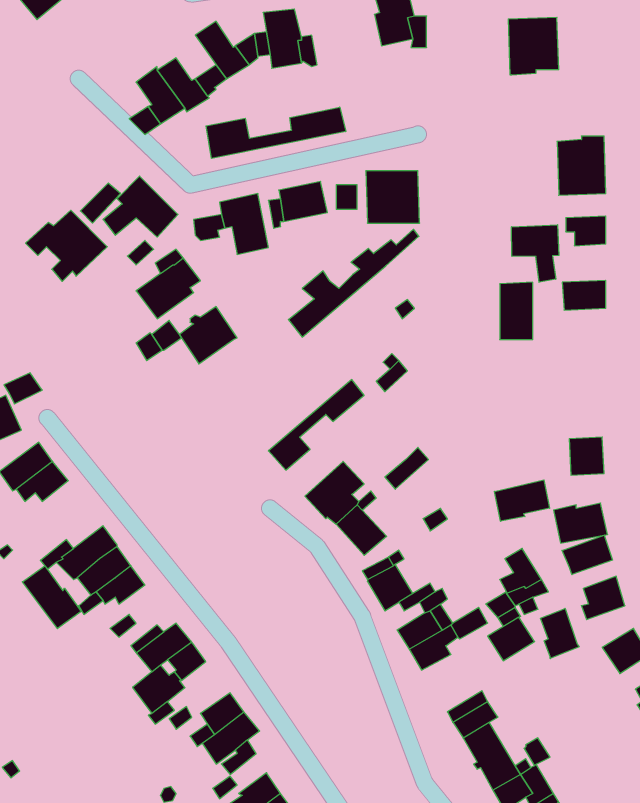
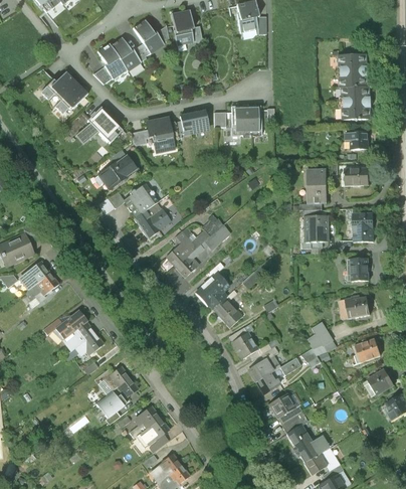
building: [508,17,559,75] -> [339,53,368,87]
building: [206,107,346,158] -> none
building: [26,210,107,281] -> [40,72,87,114]
building: [512,225,559,282] -> none
building: [288,229,419,337] -> [166,203,241,266]
building: none -> [132,201,169,236]
building: none -> [353,212,373,240]
building: none -> [304,214,329,240]
building: [494,480,550,521] -> none
building: [562,535,613,575] -> none
building: [22,566,81,629] -> none
building: [540,608,579,659] -> none
building: [488,617,535,661] -> [268,391,295,417]

